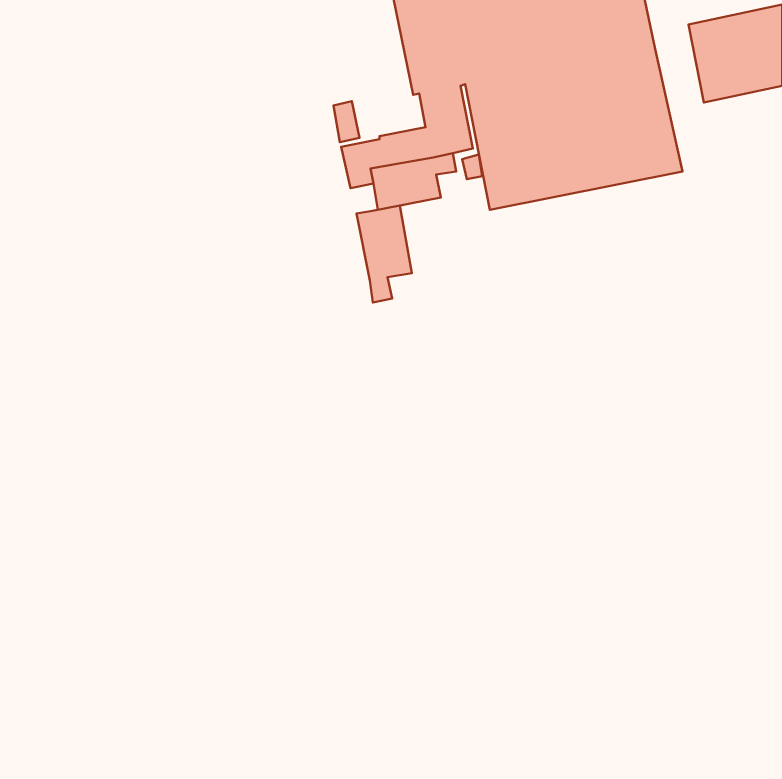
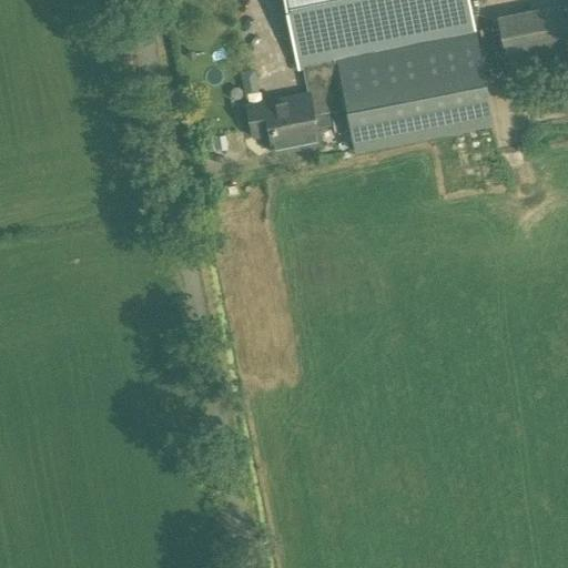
building: [356,205,412,302] -> none

